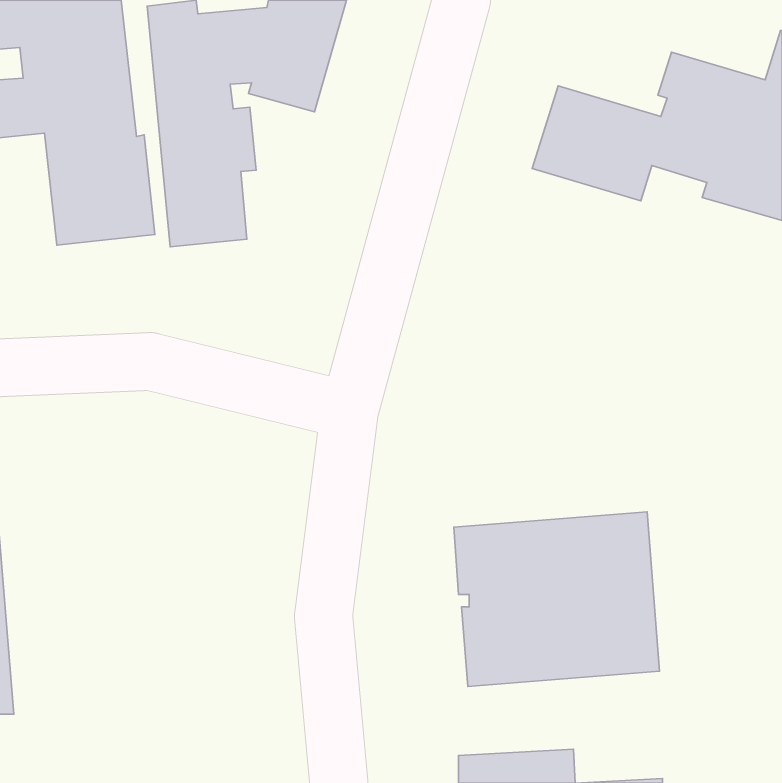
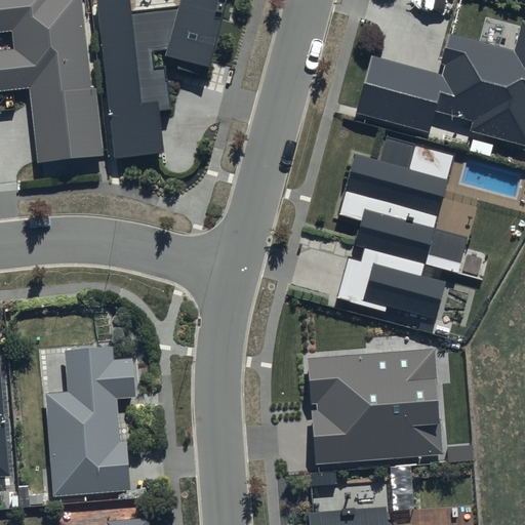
building: none -> [333,130,469,317]
building: none -> [46,349,135,496]

